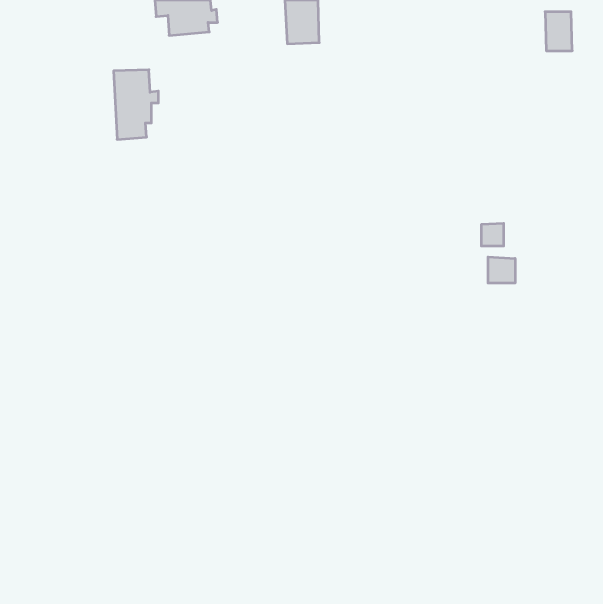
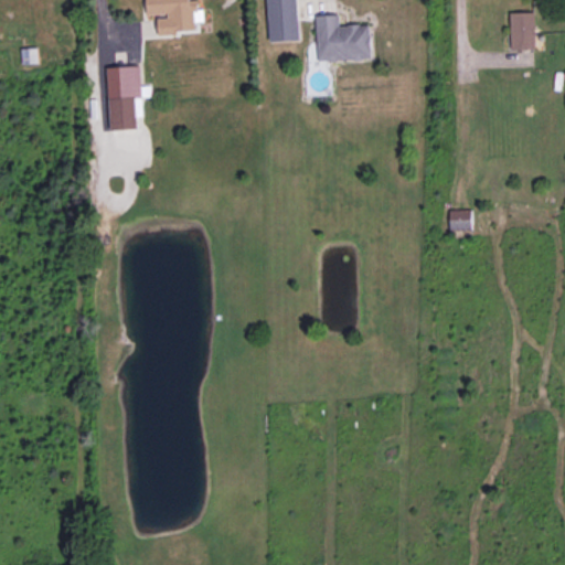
building: none -> [315,13,371,61]
building: [488,257,515,283] -> none

